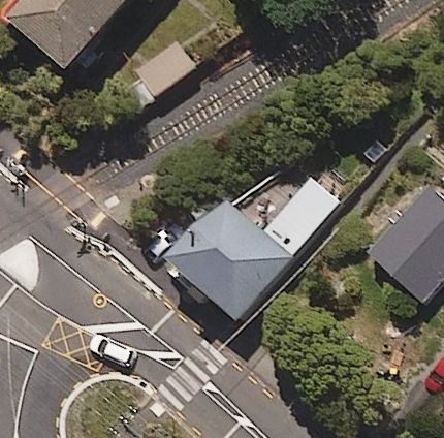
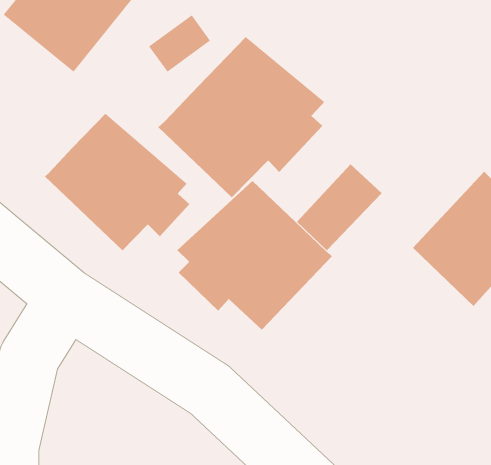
building: none -> [158,36,325,198]
building: none -> [44,113,190,251]

